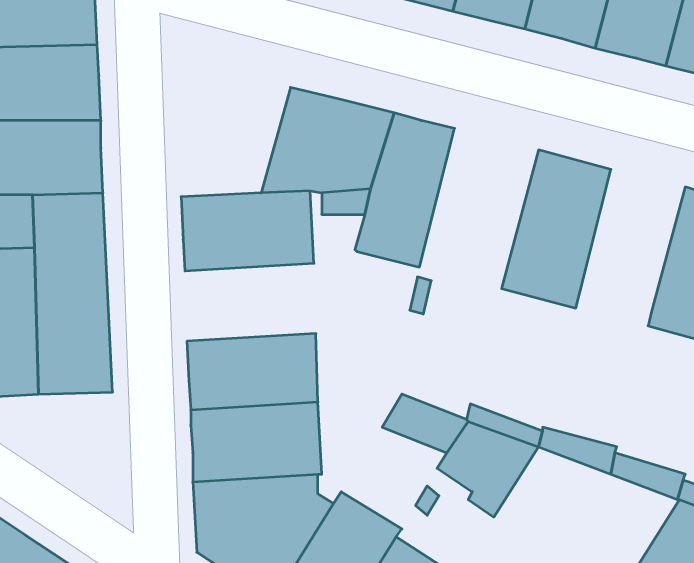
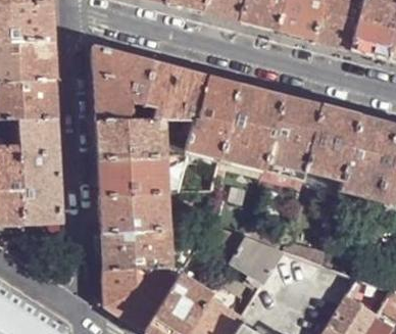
building: none -> [94,47,154,121]
building: none -> [221,85,284,169]
building: none -> [305,106,360,180]
building: none -> [99,155,167,196]

